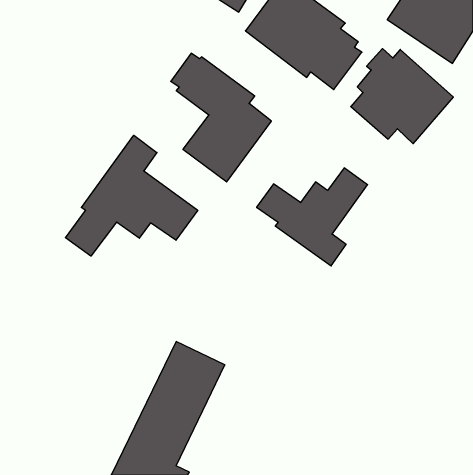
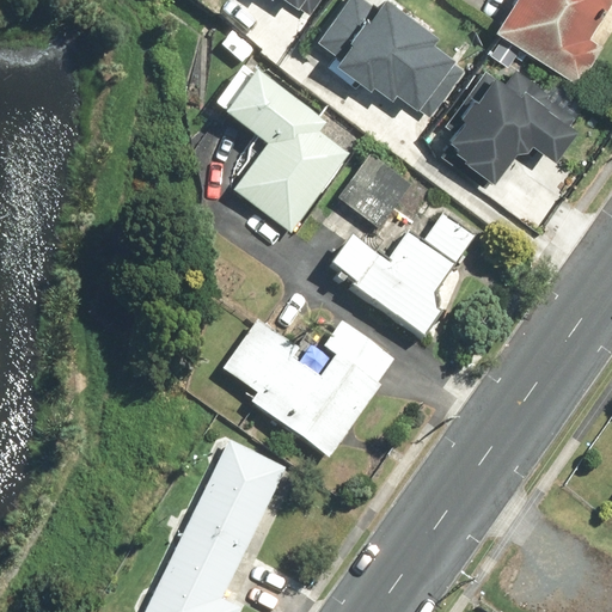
building: none -> [337,154,411,230]
building: [65,135,198,256] -> none
building: none -> [221,319,392,457]

